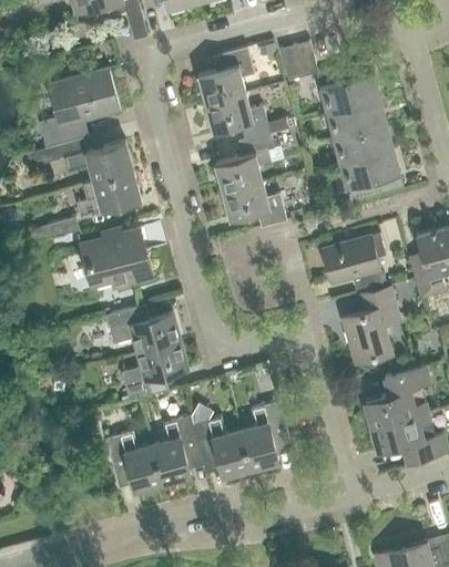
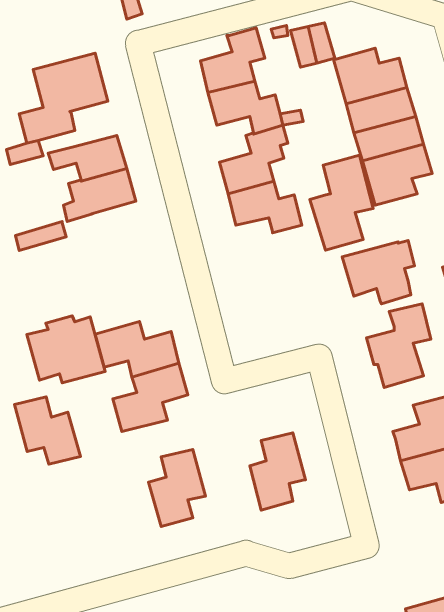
building: none -> [310,155,373,250]
building: [83,227,152,286] -> [27,316,105,383]
building: [193,417,251,476] -> none
building: [105,432,163,491] -> [15,397,80,464]

